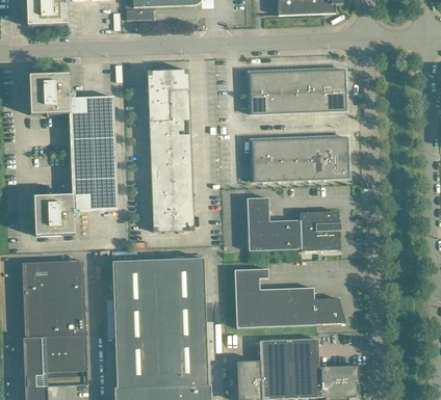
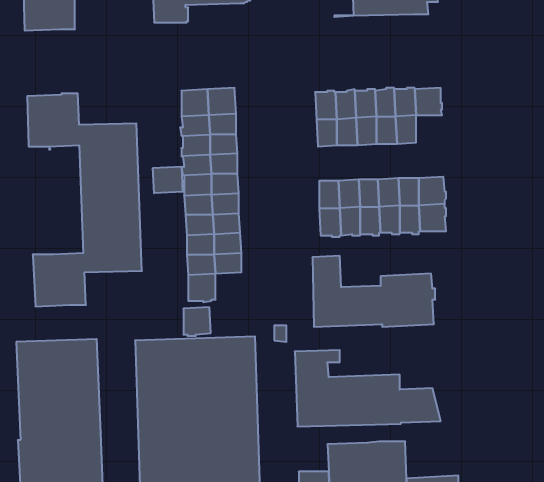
building: [327,89,347,110] -> none
building: none -> [153,167,183,193]
building: [174,209,194,231] -> [183,307,211,336]

